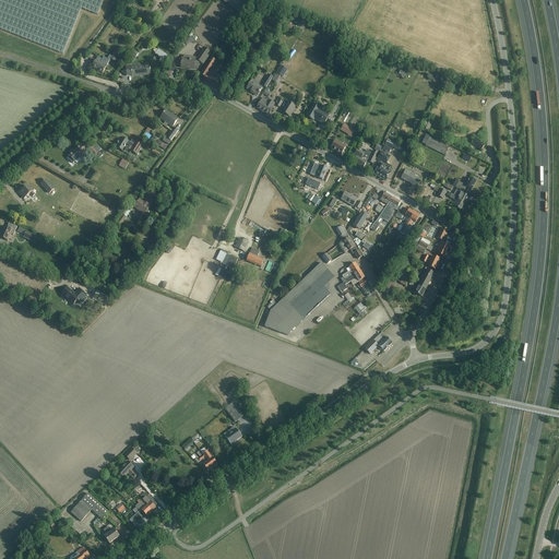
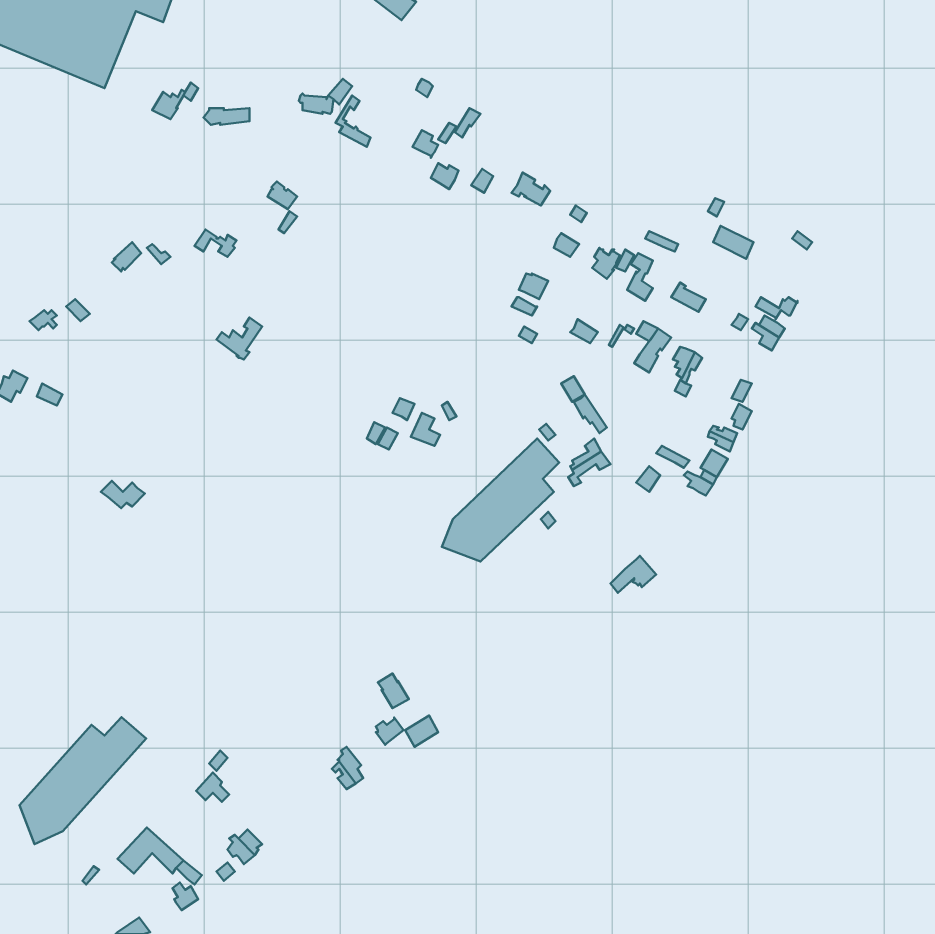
building: none -> [19,717,146,844]

